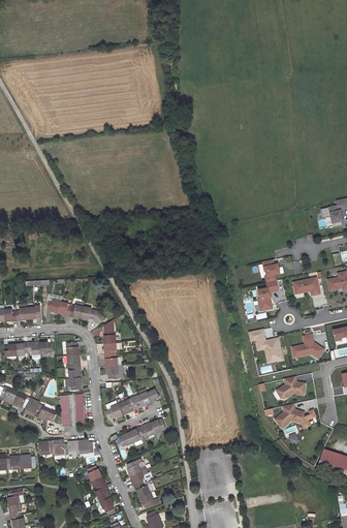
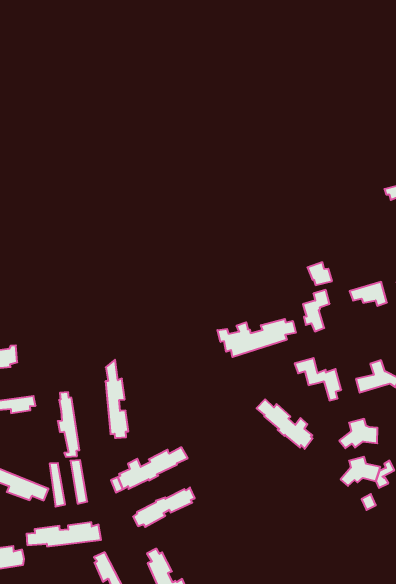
building: [48,297,104,322] -> none
building: none -> [217,319,296,357]
building: none -> [257,399,313,449]

